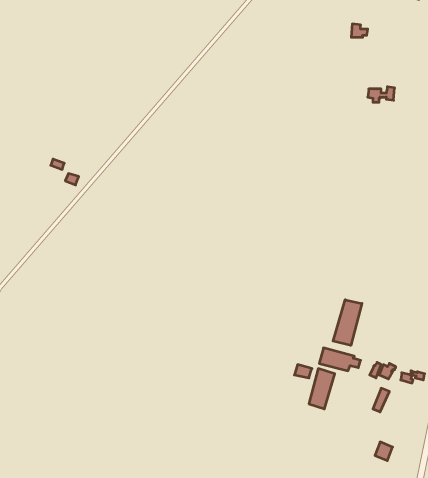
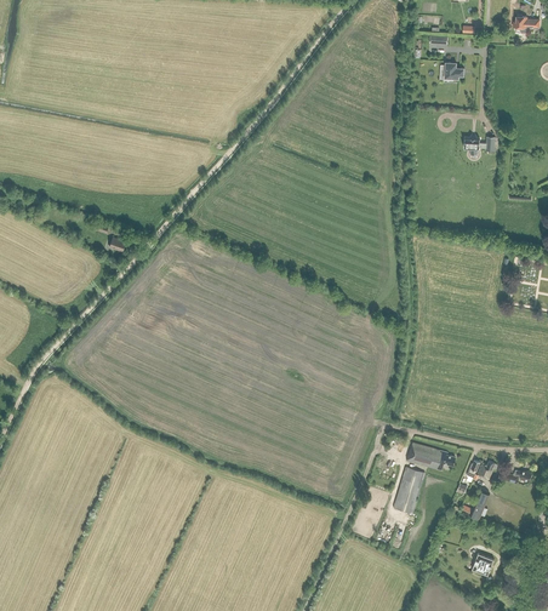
building: [333,300,362,345] -> none

